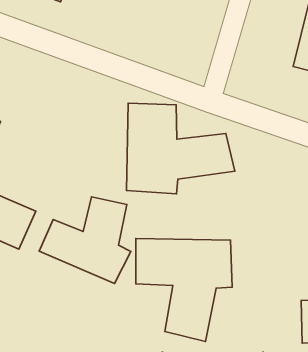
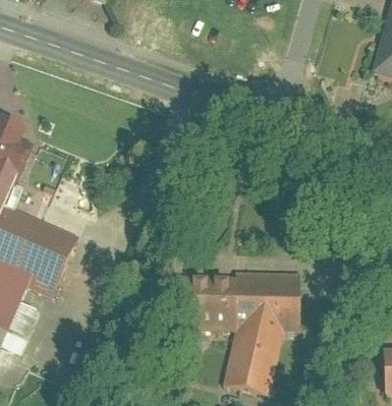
building: [127,103,235,194] -> none
building: [39,197,131,284] -> none

